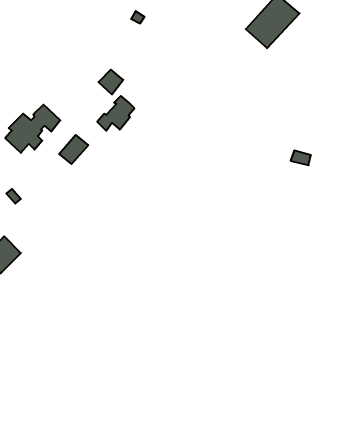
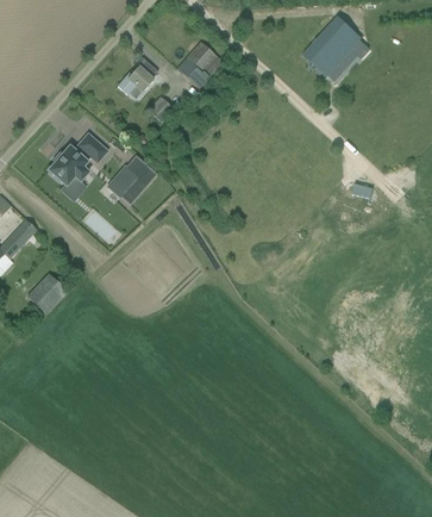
building: none -> [177,42,224,88]
building: [97,96,134,131] -> [119,57,158,94]

